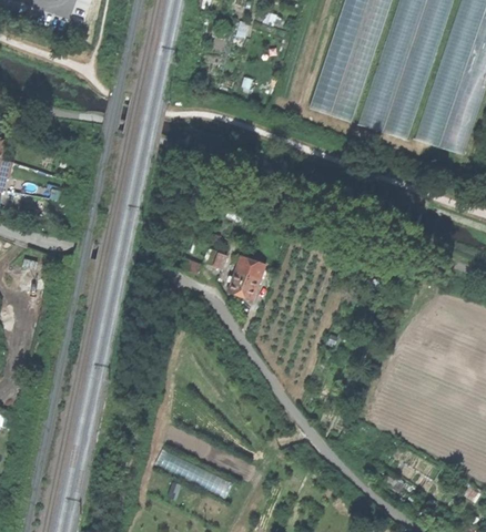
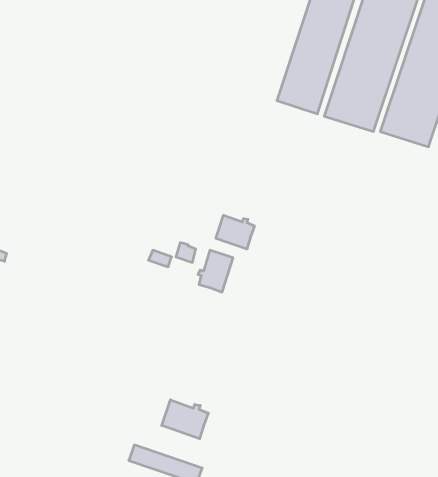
building: none -> [216,215,254,249]
building: none -> [162,400,208,439]

